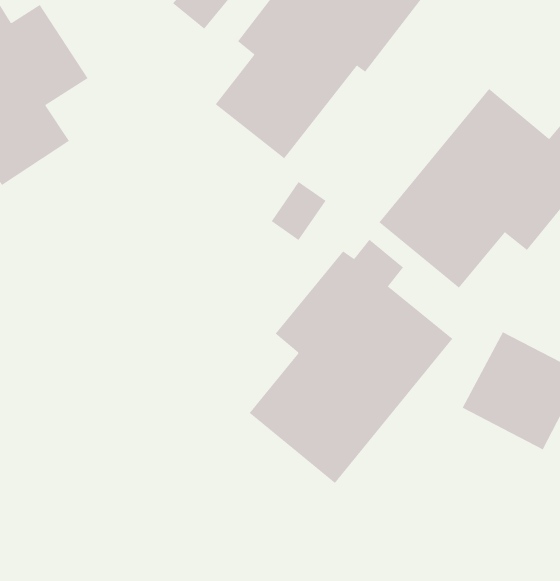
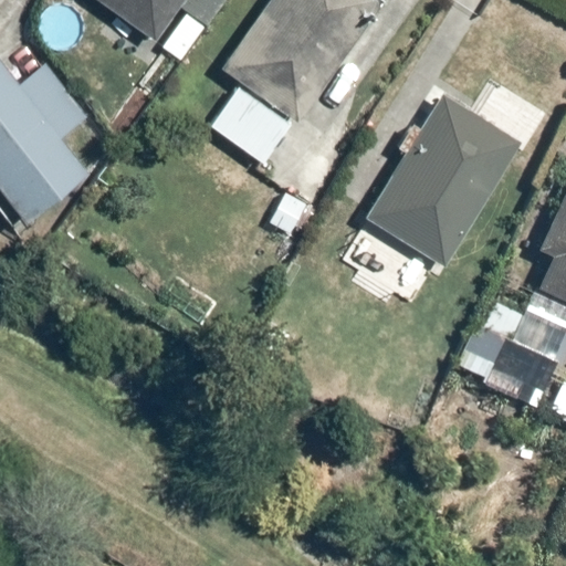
building: [249,239,453,484] -> none

